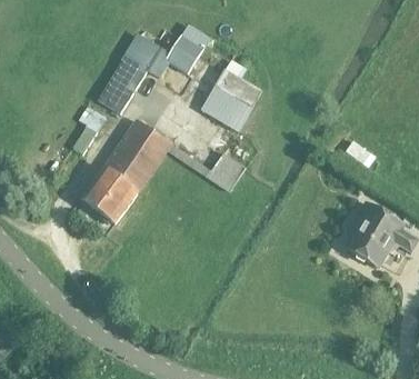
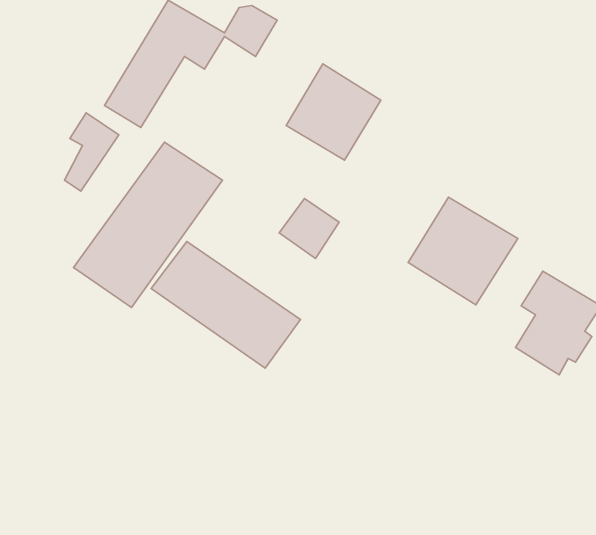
building: none -> [408,197,518,305]
building: none -> [151,241,300,368]

